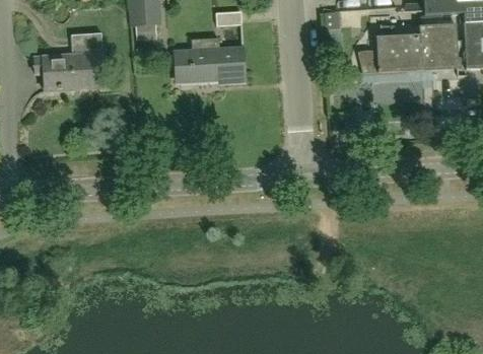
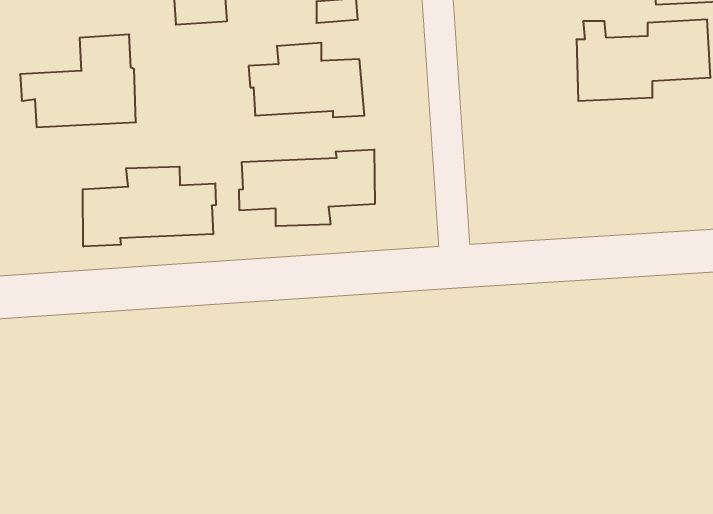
building: none -> [239,149,375,226]
building: none -> [83,167,216,247]

